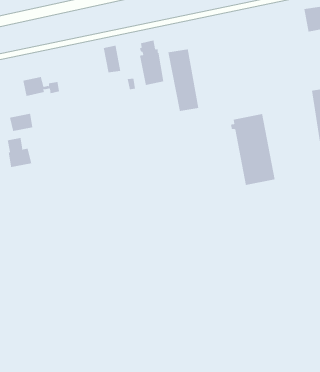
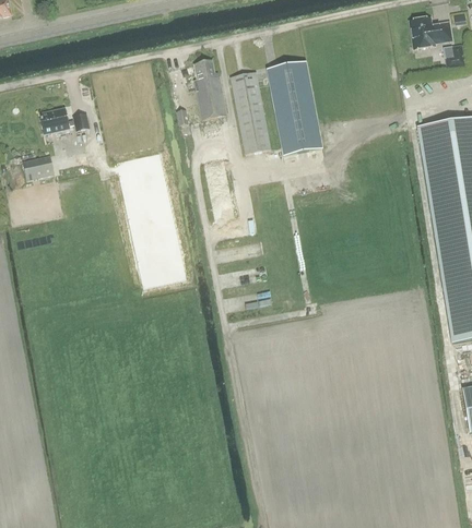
building: [103,45,121,73] -> none
building: [230,114,275,186] -> [263,60,322,154]
building: [7,137,32,168] -> none

